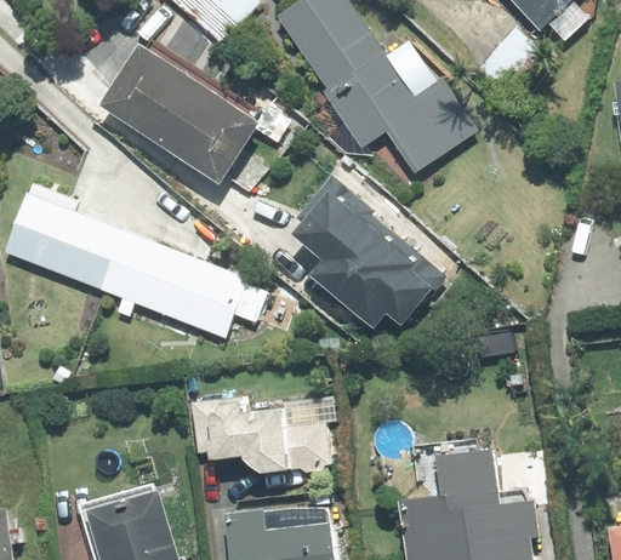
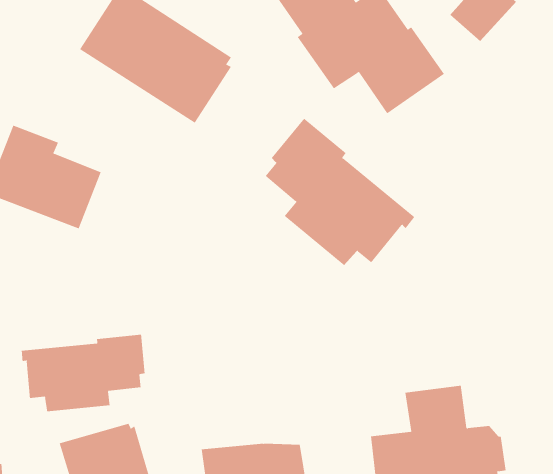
building: [99,230,268,337] -> none
building: none -> [21,334,145,412]
building: [192,398,335,473] -> none

